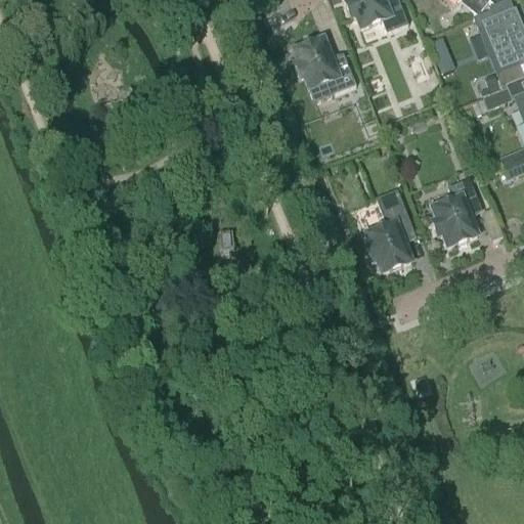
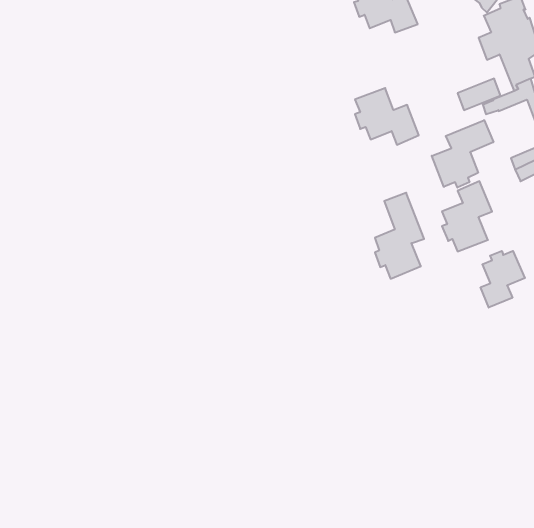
building: [295,38,357,93] -> [355,88,419,145]
building: none -> [432,120,493,188]
building: none -> [481,251,525,308]

